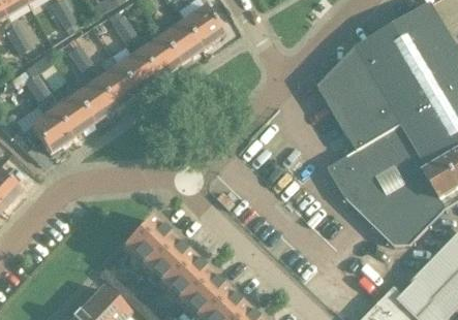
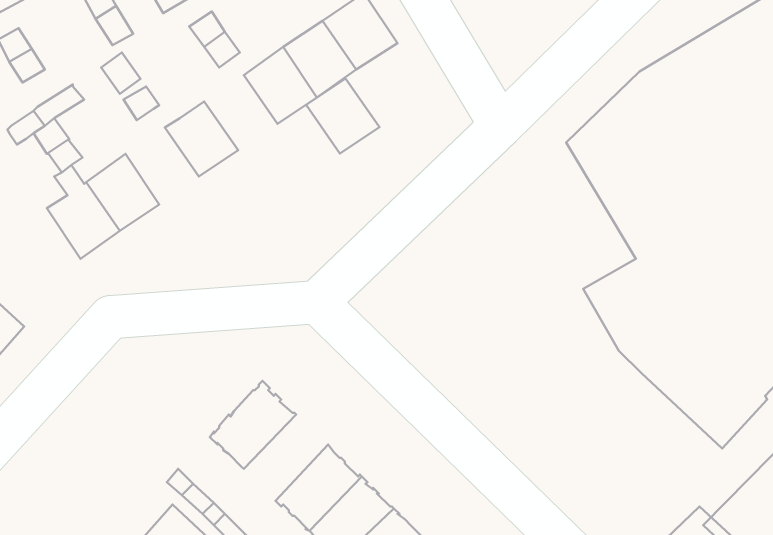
building: [119,49,159,90] -> [306,78,379,153]
building: [75,77,116,120] -> none
building: [141,235,187,283] -> none

